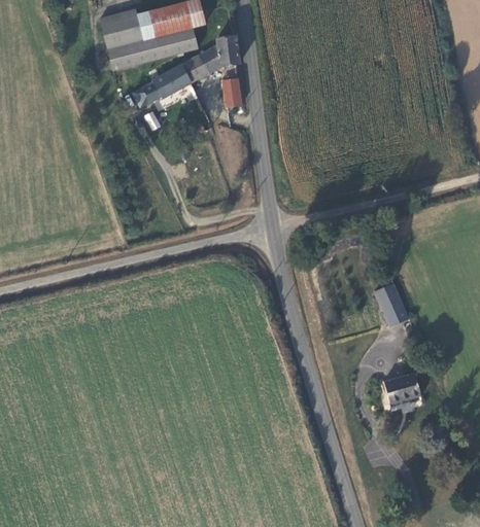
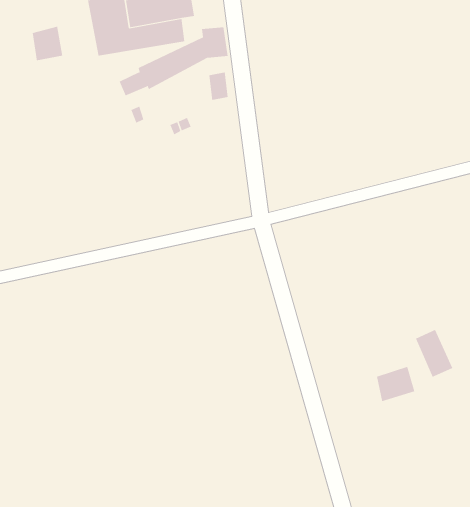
building: none -> [32,26,63,61]
building: [372,280,409,327] -> [415,329,453,378]

